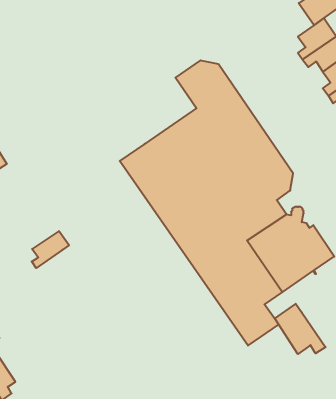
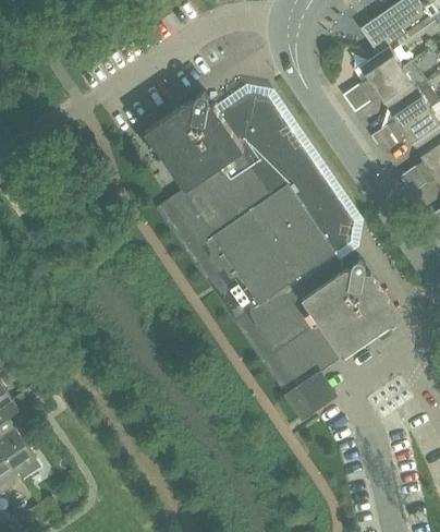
building: none -> [145,90,243,188]
building: [32,231,69,268] -> none
building: [275,304,326,354] -> none

